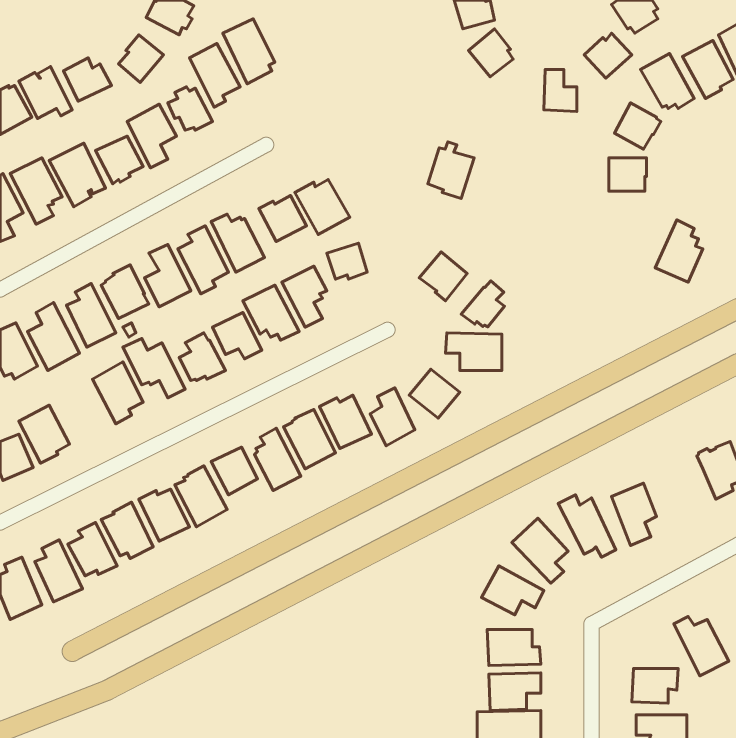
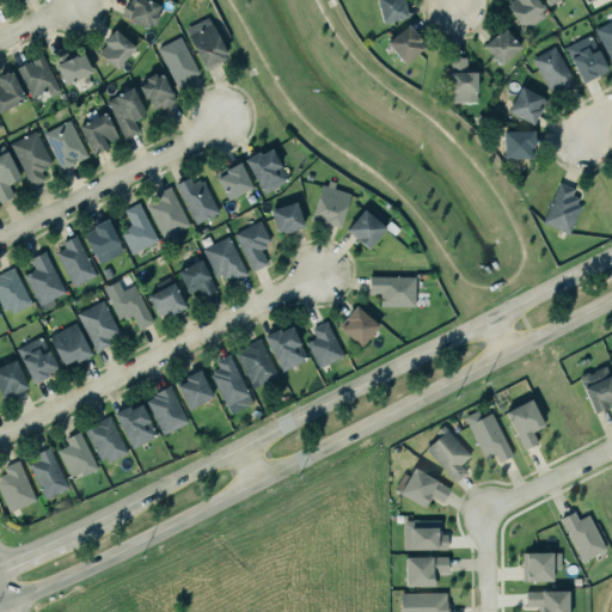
building: [428,142,474,198] -> [314,180,353,227]
building: [461,281,504,327] -> none
building: none -> [50,323,94,366]

